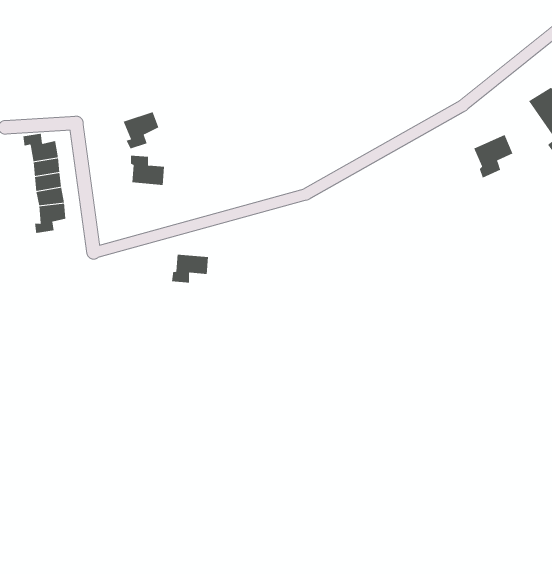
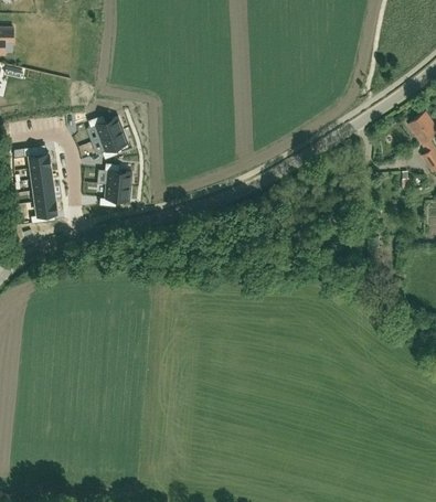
building: none -> [89,115,123,138]
building: [473,134,513,178] -> none
building: [171,254,209,283] -> [102,184,130,206]

